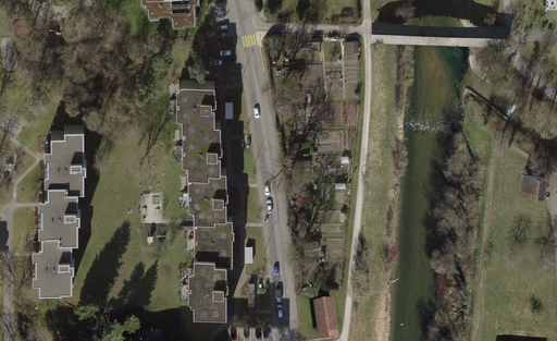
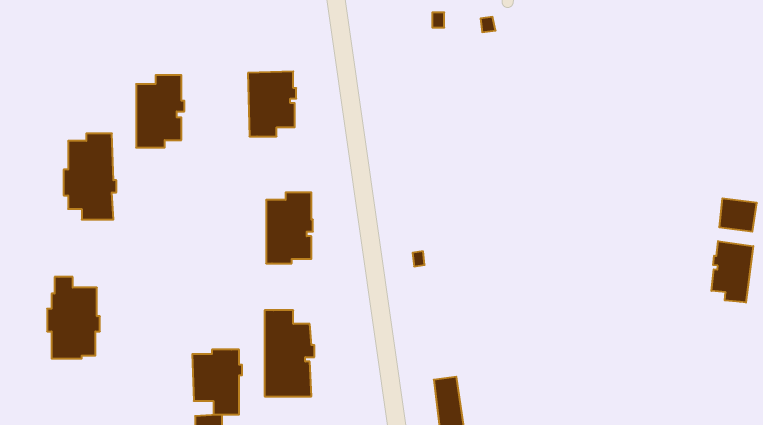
building: [186,125,221,178] -> [136,75,184,148]
building: [40,184,79,241] -> none
building: none -> [711,241,753,303]
building: [197,220,233,267] -> [192,350,242,415]

